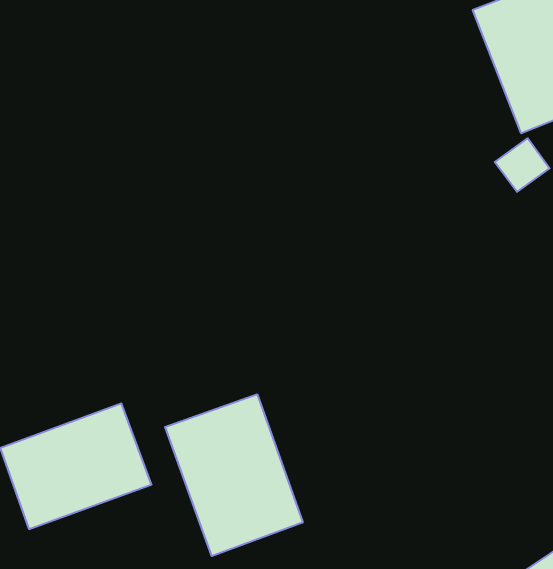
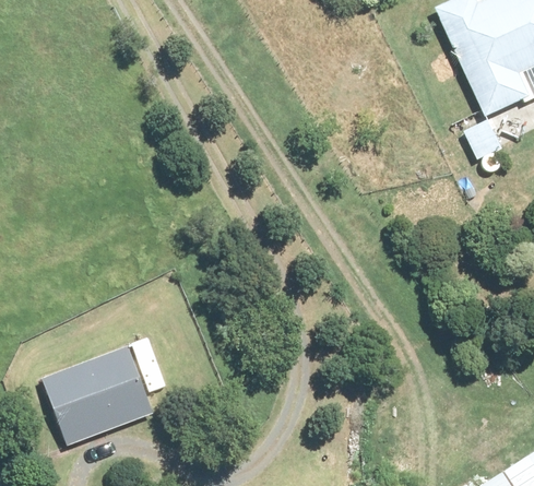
building: [165,394,303,556] -> none

